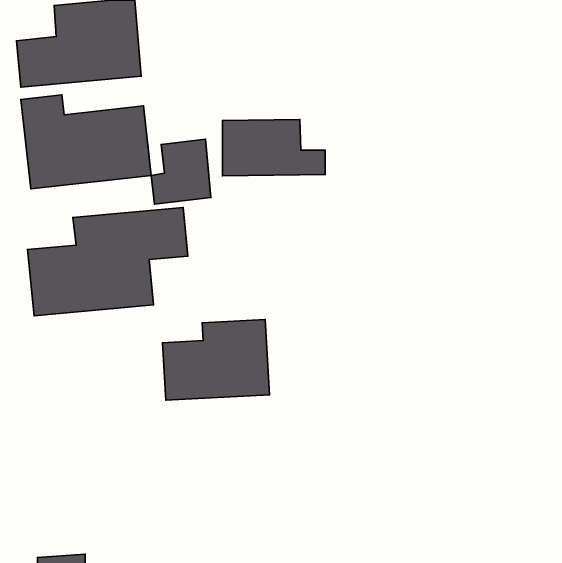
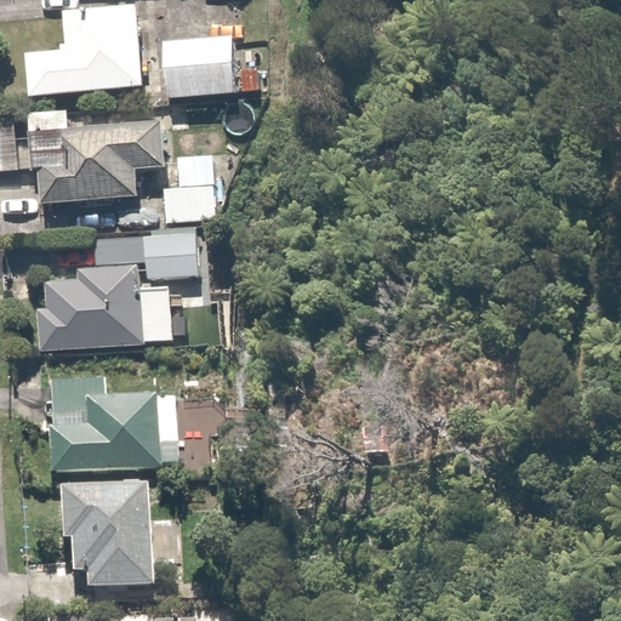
building: [222,119,325,176] -> [163,36,275,98]
building: [162,320,270,400] -> [41,383,159,472]
building: none -> [57,479,152,589]

